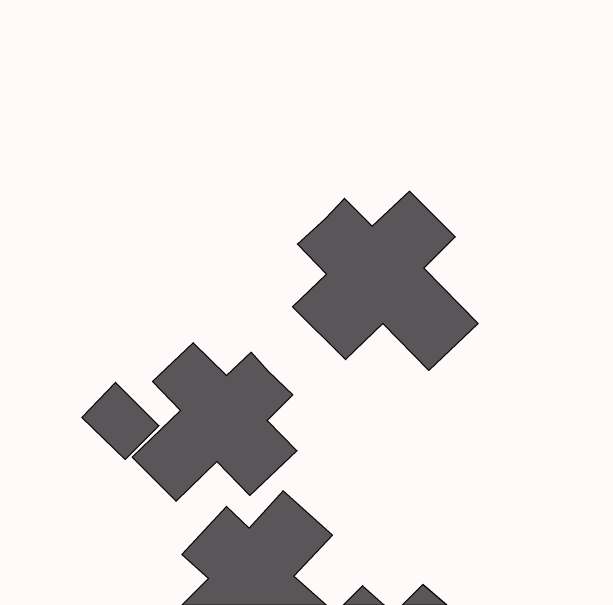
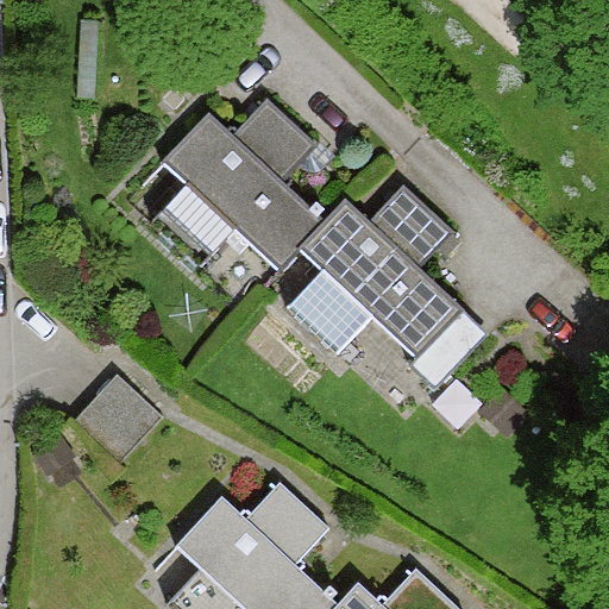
building: none -> [161,107,321,265]
building: [132,343,297,501] -> none

